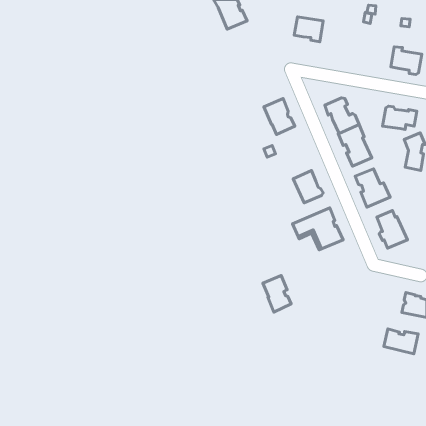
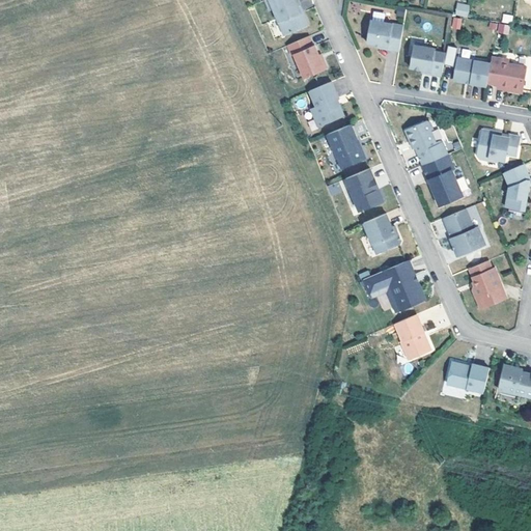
building: none -> [286,37,325,79]
building: none -> [409,46,445,77]
building: none -> [452,56,490,87]
building: none -> [307,83,342,127]
building: none -> [346,167,385,208]
building: [263,276,291,312] -> [395,313,430,359]
building: [384,329,418,354] -> [448,360,491,391]

